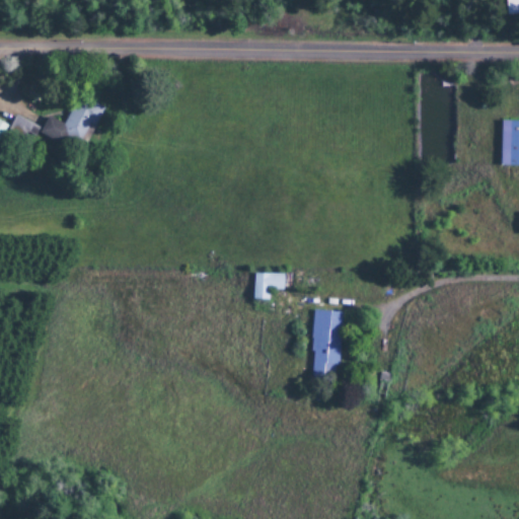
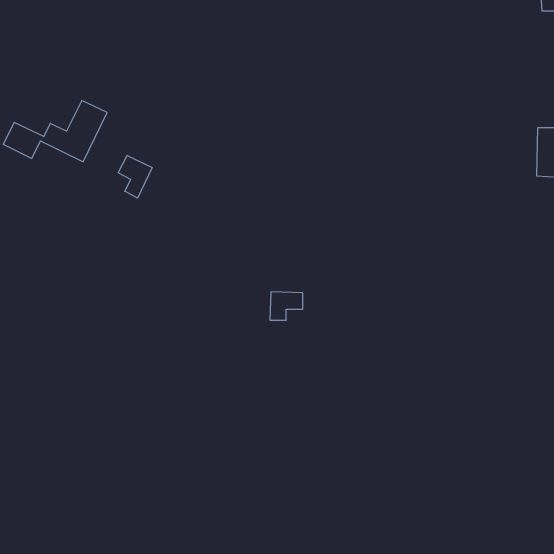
building: none -> [118,155,152,198]
building: [311,307,343,375] -> none

